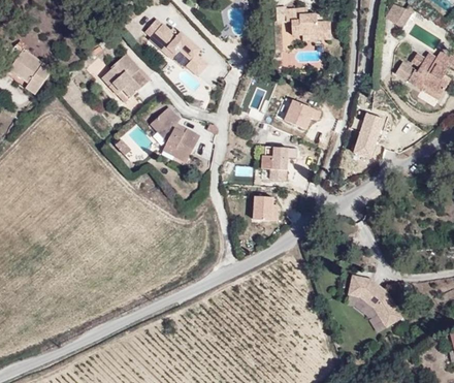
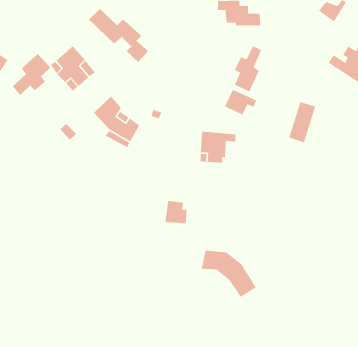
building: none -> [234,45,262,92]
building: none -> [12,53,51,96]
building: [250,191,274,217] -> [164,200,188,224]
building: [348,279,408,330] -> [201,250,257,298]

